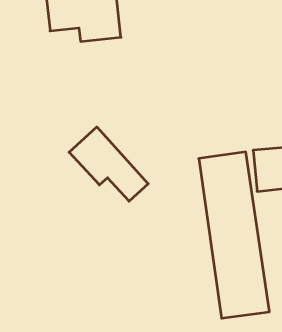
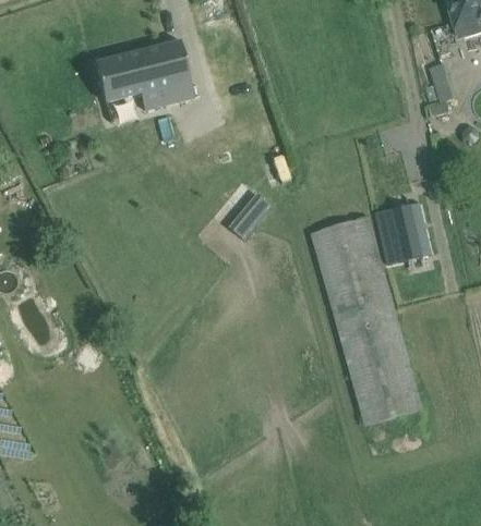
building: none -> [233,193,269,230]
building: [69,127,148,201] -> none

